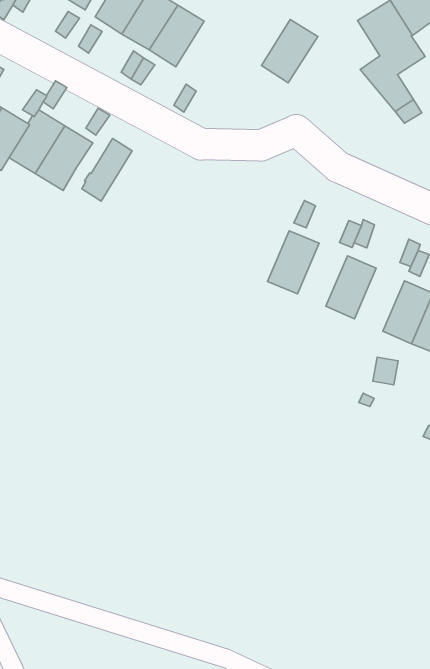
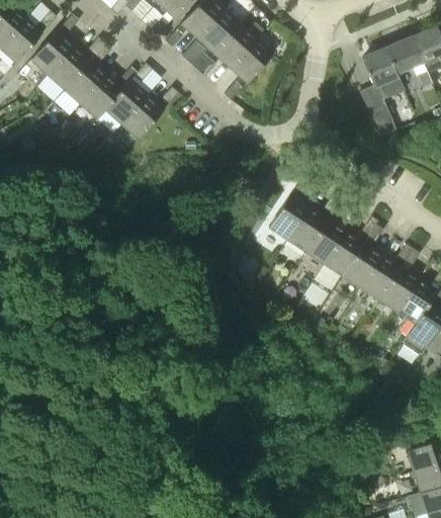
building: [262,20,318,83] -> [230,40,272,84]
building: [82,139,132,201] -> none
building: none -> [286,208,326,253]
building: none -> [323,233,362,277]

